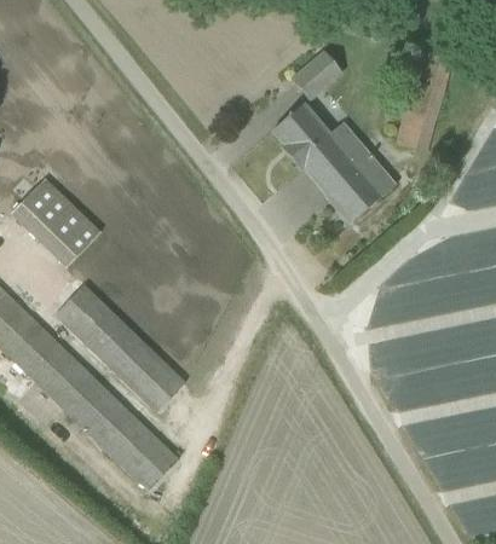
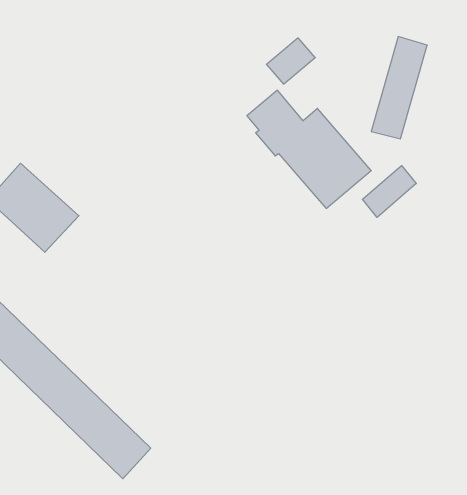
building: none -> [362,166,416,217]
building: [53,284,184,412] -> none

